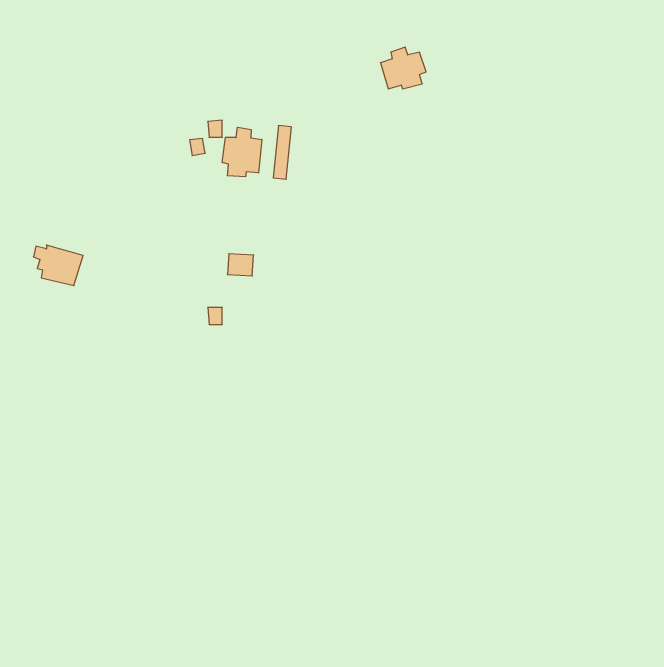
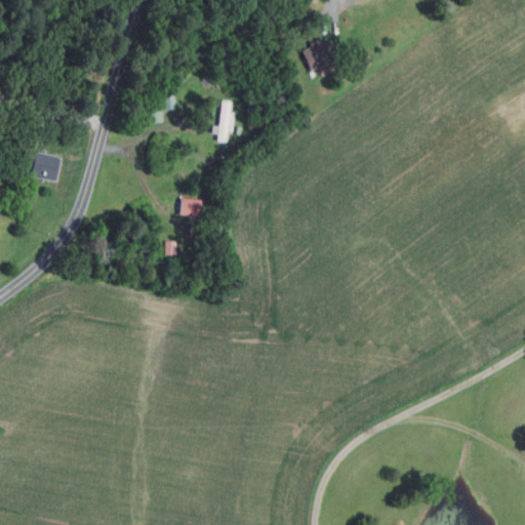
building: [222,127,262,177] -> none
building: [33,245,83,286] -> [25,151,64,183]

